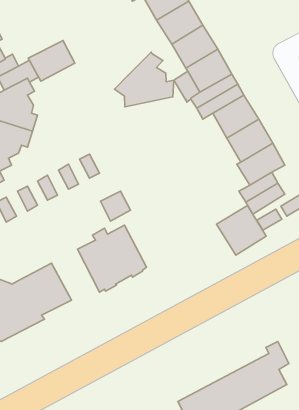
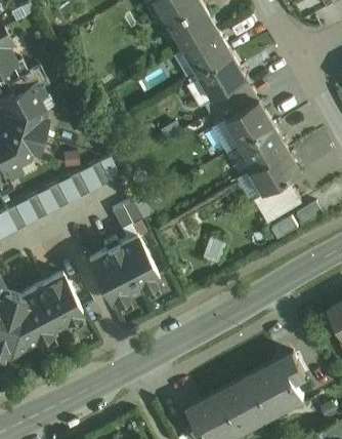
building: [28,40,75,81] -> none
building: [114,52,174,107] -> none
building: [216,205,266,255] -> none

